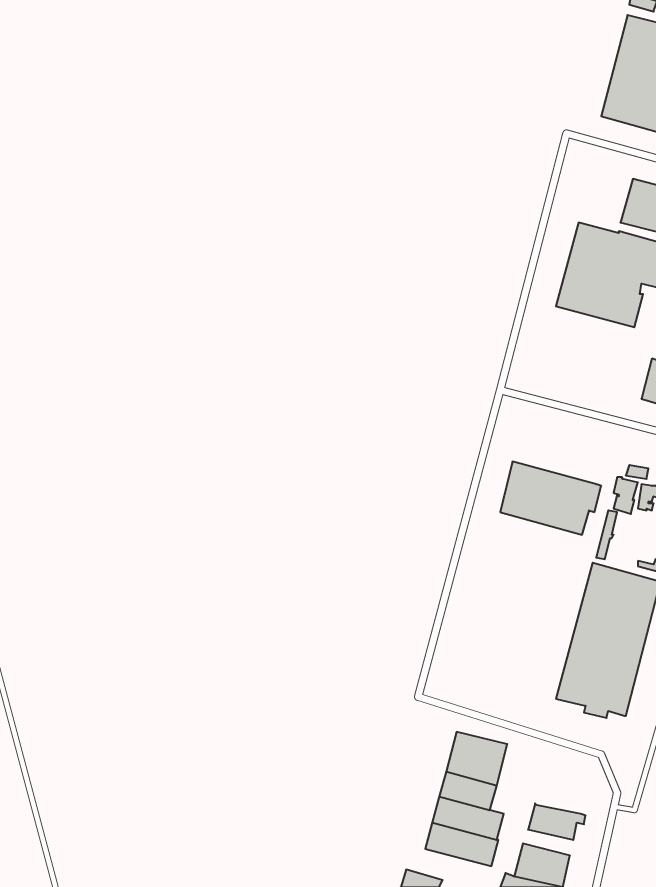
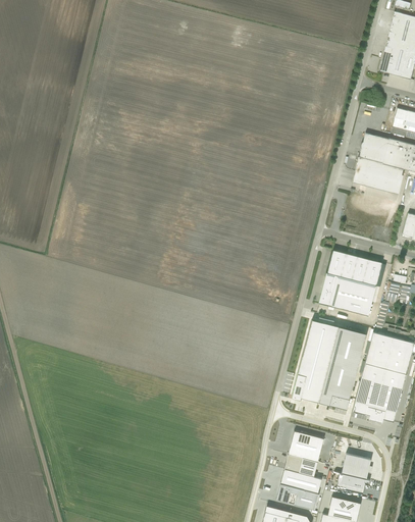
building: none -> [327,249,382,285]
building: none -> [292,319,366,409]
building: none -> [342,453,372,478]

